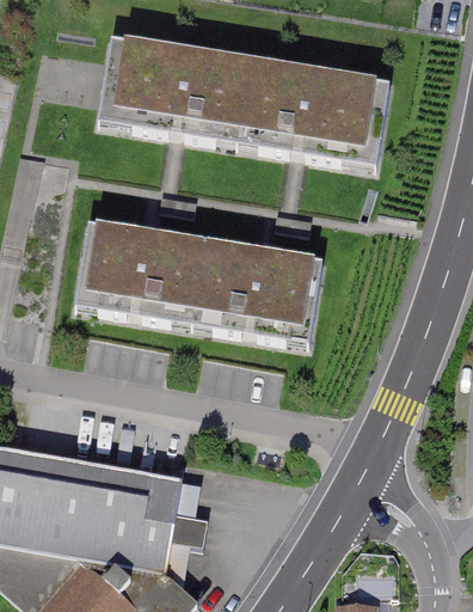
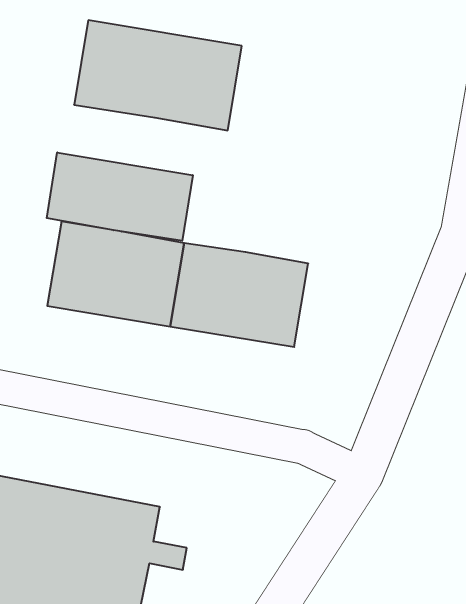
building: [245,55,392,155] -> none
building: none -> [47,152,193,241]

